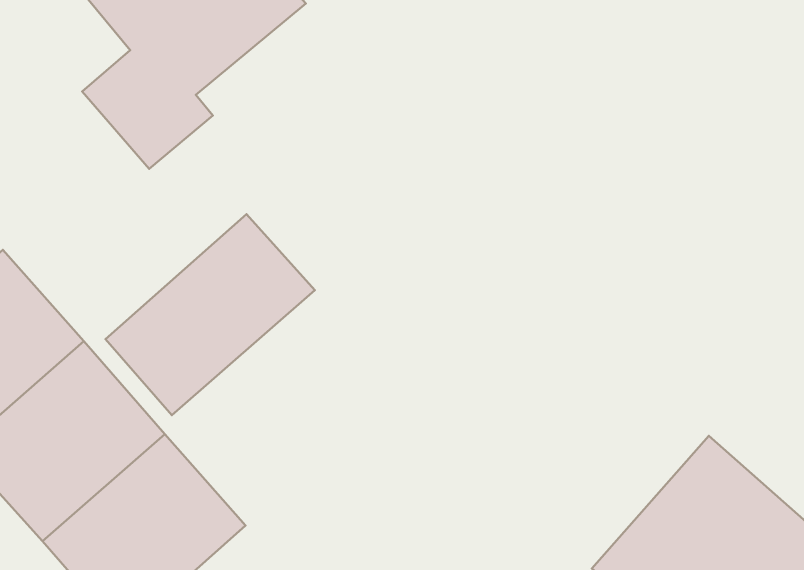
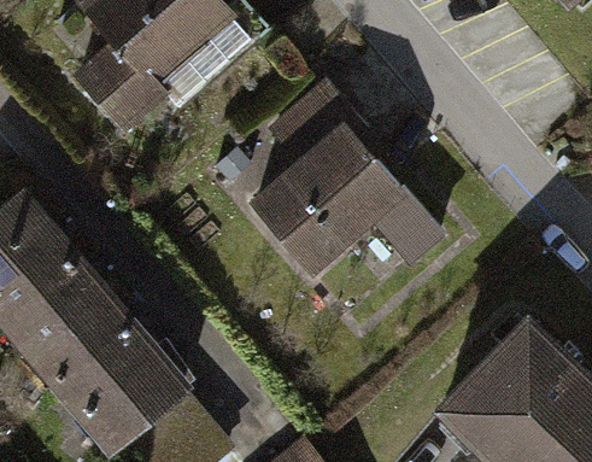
building: none -> [253,129,410,282]
building: [105,214,315,415] -> none

